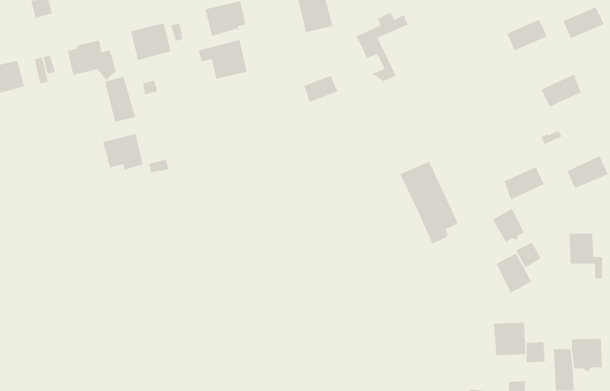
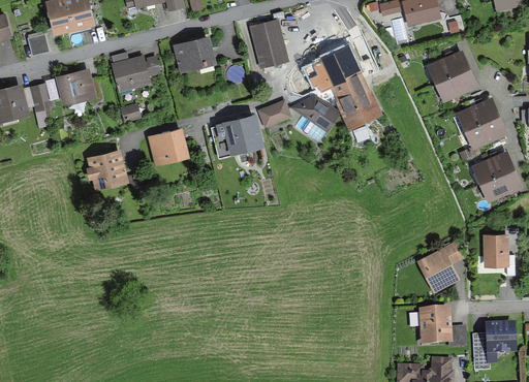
building: [562,6,605,39] -> [438,69,474,97]
building: [198,39,248,79] -> [217,117,259,151]
building: none -> [295,98,336,127]
building: [104,76,136,123] -> none
building: none -> [468,117,503,145]
building: none -> [150,130,186,162]
building: [399,160,459,244] -> [323,59,374,130]
building: [503,166,545,200] -> [476,154,511,183]
building: [492,208,525,243] -> none

